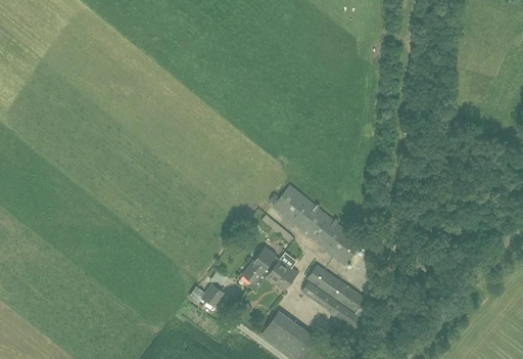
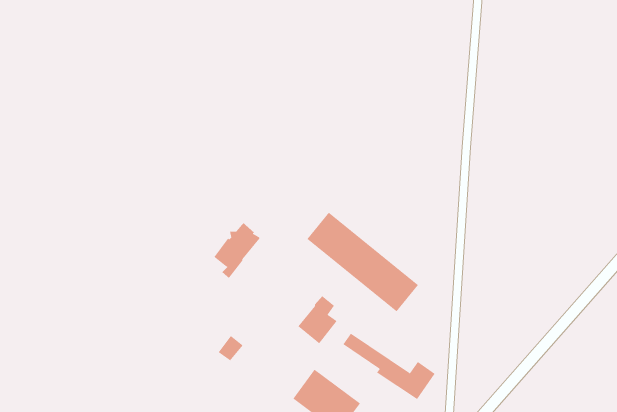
building: [242,246,279,291] -> [214,222,260,279]
building: [306,264,364,311] -> none

